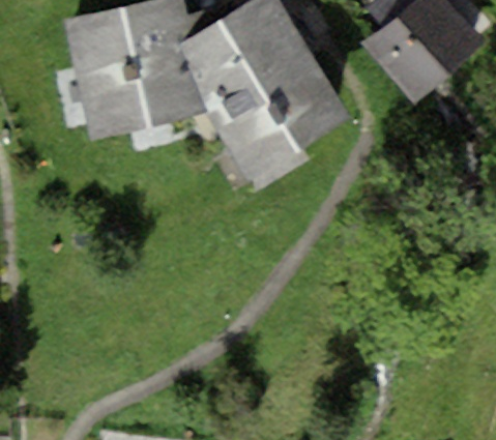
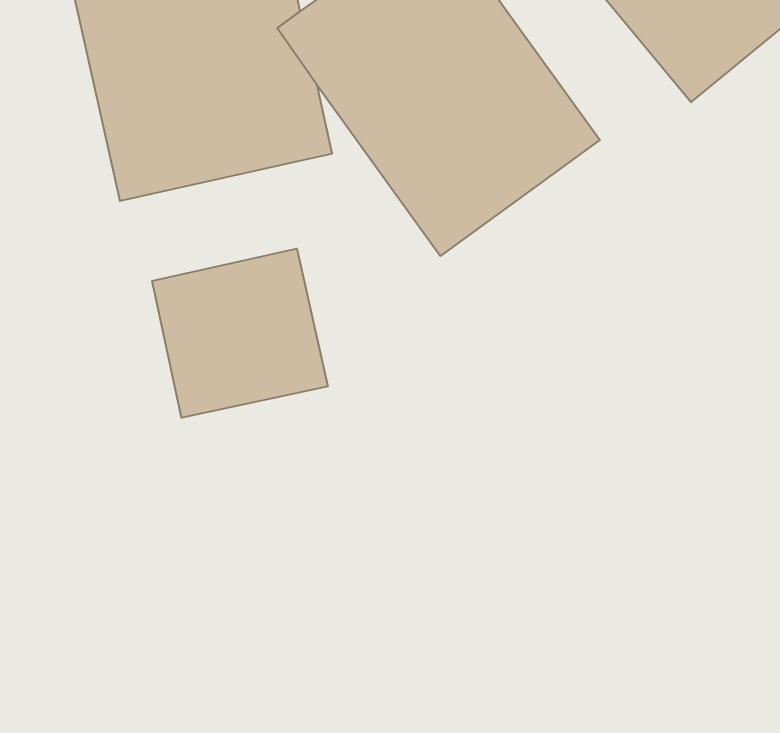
building: none -> [152,249,328,418]

